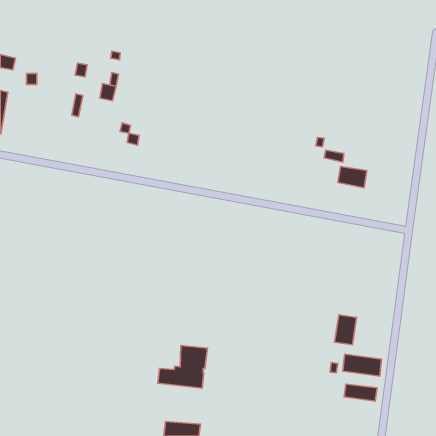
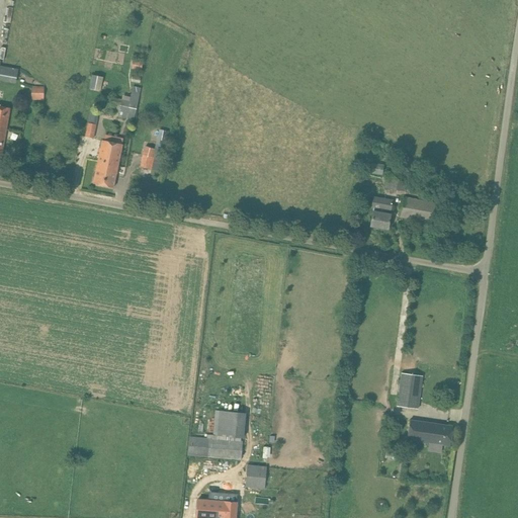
building: none -> [93,141,122,188]
building: none -> [370,197,394,230]
building: [344,384,377,401] -> none
building: none -> [246,465,266,489]

